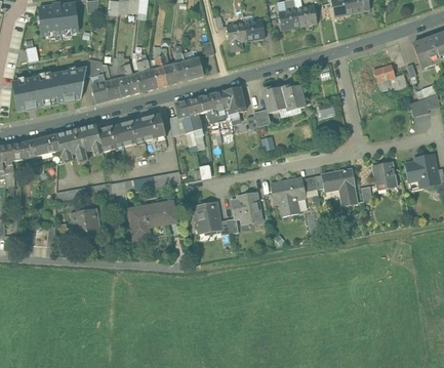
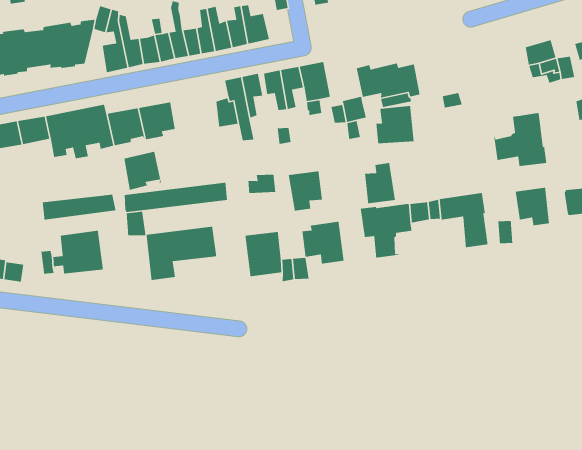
building: none -> [493,112,547,167]
building: none -> [374,105,415,144]
building: [139,113,166,140] -> [123,151,162,191]
building: none -> [364,162,396,204]
building: none -> [288,170,323,212]

